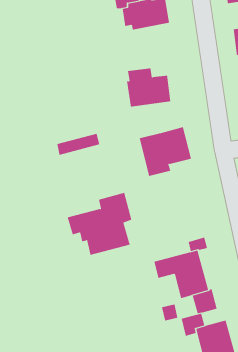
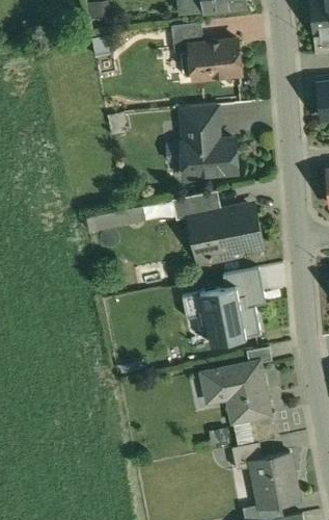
building: none -> [182,105,218,131]
building: none -> [173,190,220,219]
building: [67,192,132,256] -> [183,267,265,344]

